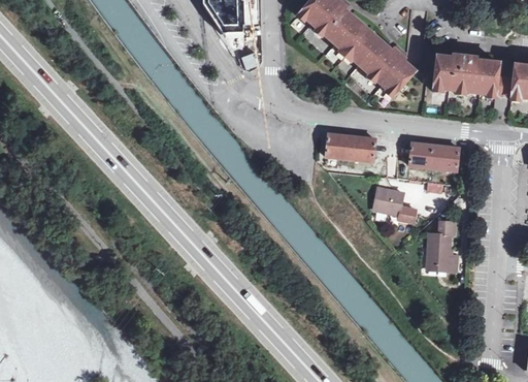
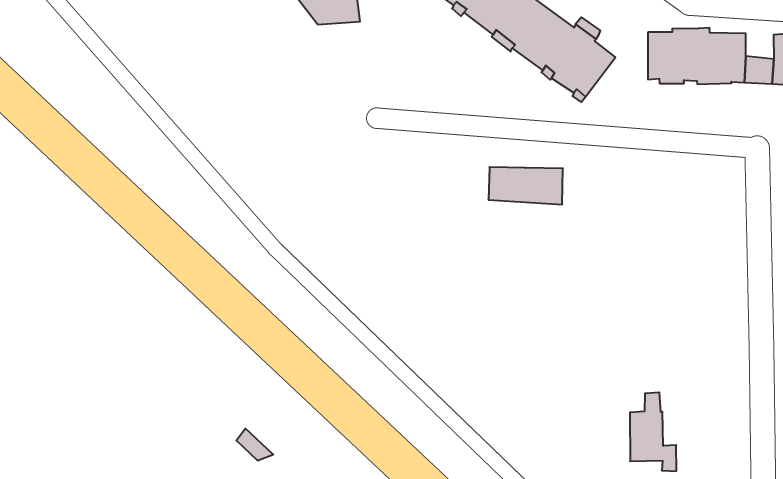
building: [409,142,459,170] -> none
building: [374,185,417,219] -> none
building: [427,221,457,272] -> [630,392,676,471]

